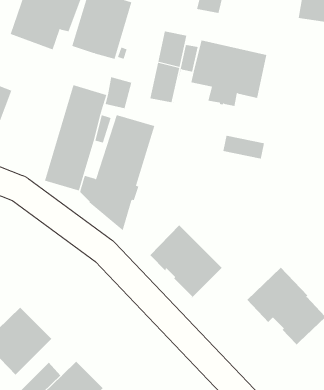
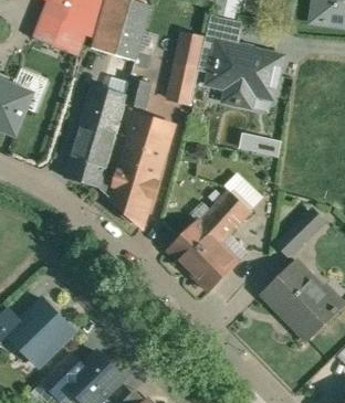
building: none -> [207,17,243,43]
building: none -> [190,190,250,243]
building: none -> [278,216,317,262]

